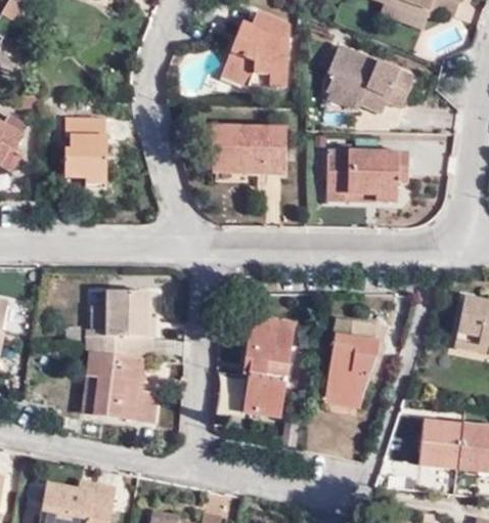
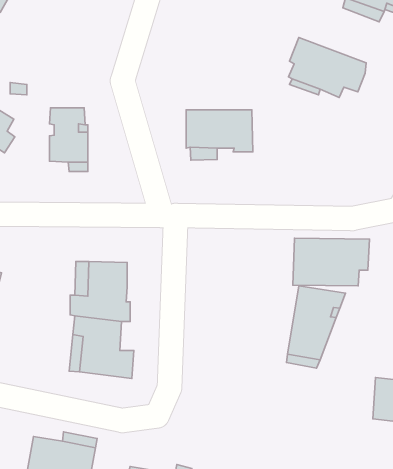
building: [221,10,288,88] -> none
building: [325,150,409,203] -> [293,238,370,286]
building: [239,319,293,418] -> none

